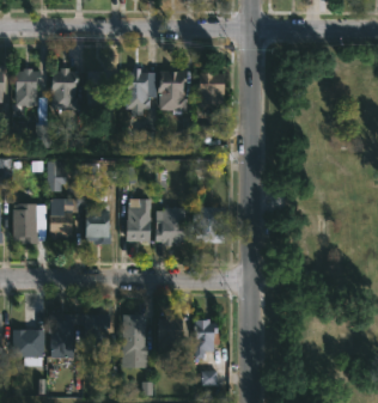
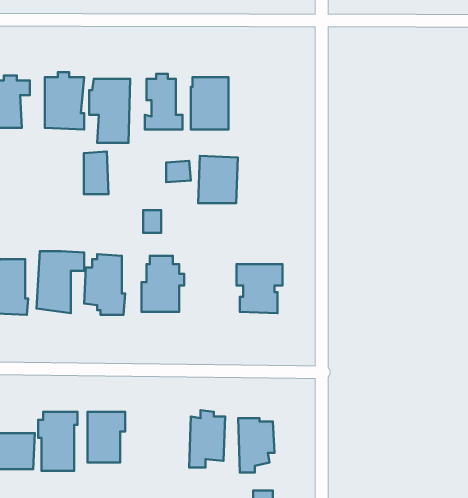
building: [197,71,226,105] -> [198,156,238,203]
building: [50,160,68,191] -> [84,152,108,194]
building: [154,206,185,242] -> none
building: [123,312,148,368] -> none

